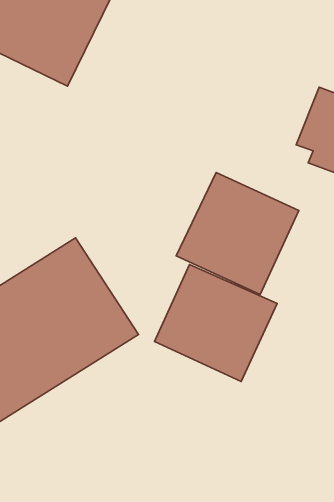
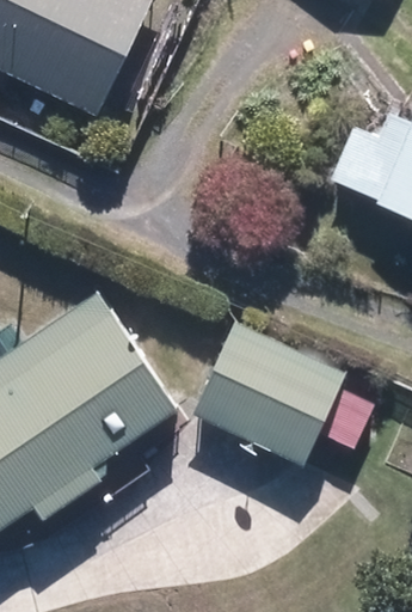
building: [176,172,299,294] -> none

